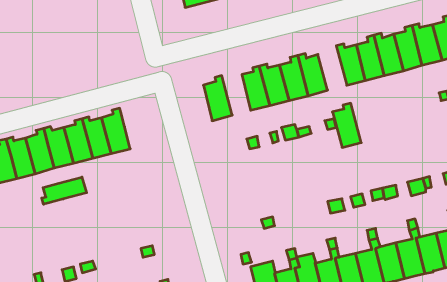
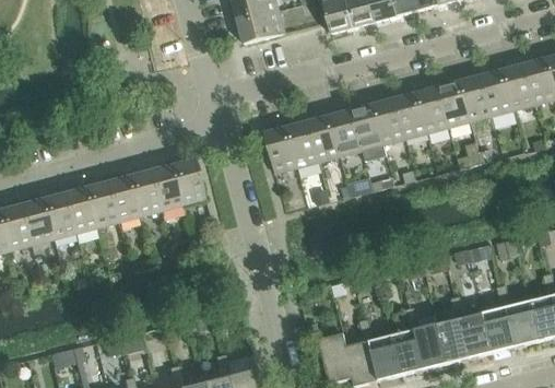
building: none -> [285,120,318,167]
building: [332,103,361,147] -> [394,89,427,139]
building: none -> [169,157,203,205]
building: [42,177,87,204] -> none

